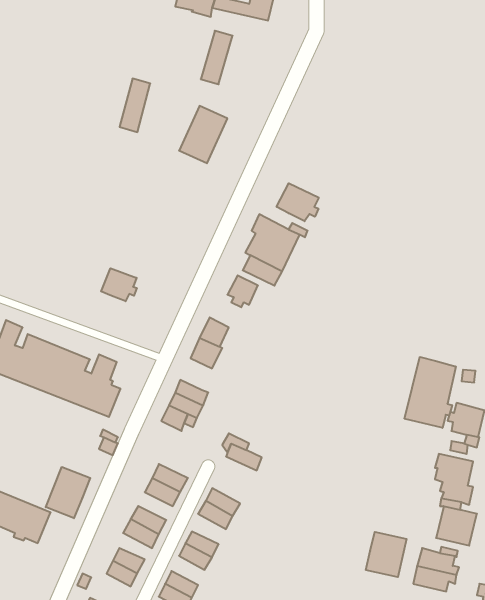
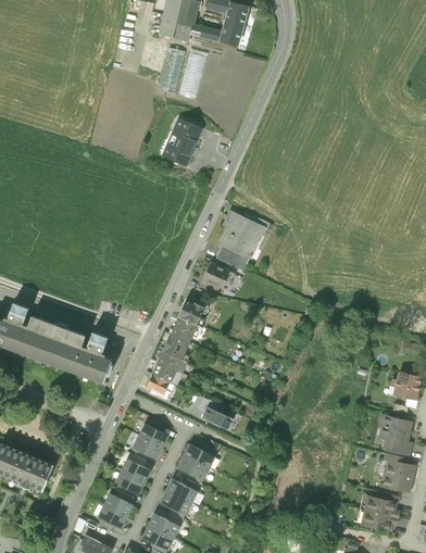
building: [120,79,150,132] -> [159,48,185,93]
building: [277,183,319,221] -> none
building: [101,268,137,301] -> none
building: [405,357,456,428] -> none
building: none -> [163,334,190,361]
building: [46,467,90,518] -> none
building: [366,532,407,577] -> none

